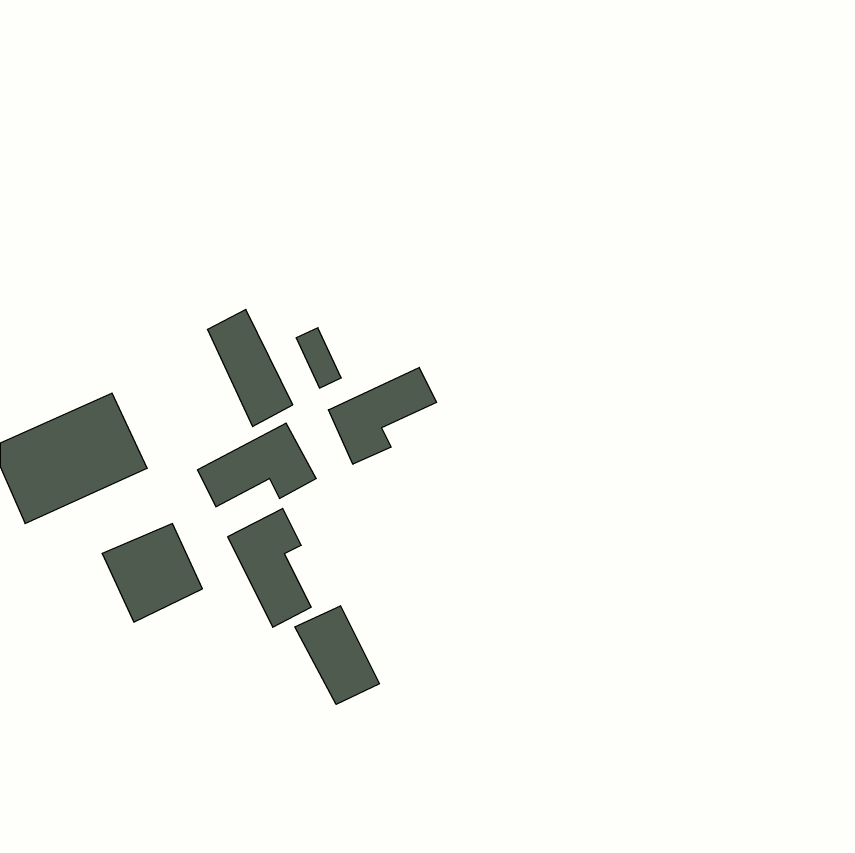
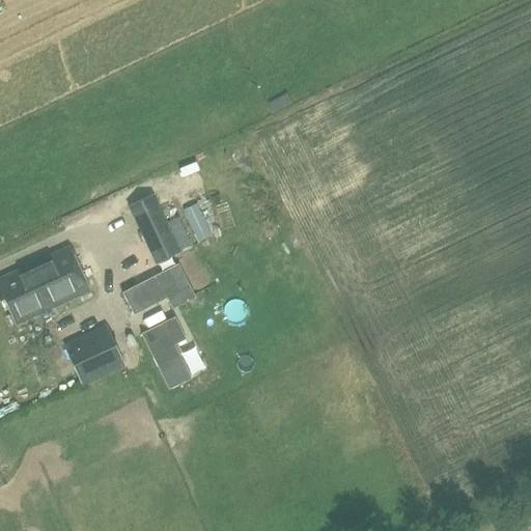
building: [328,367,437,464] -> none
building: [295,606,379,704] -> none

